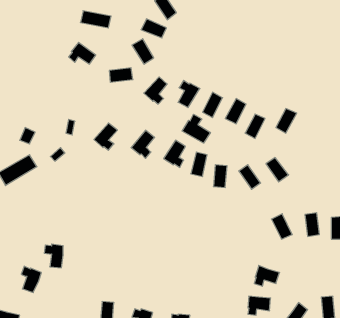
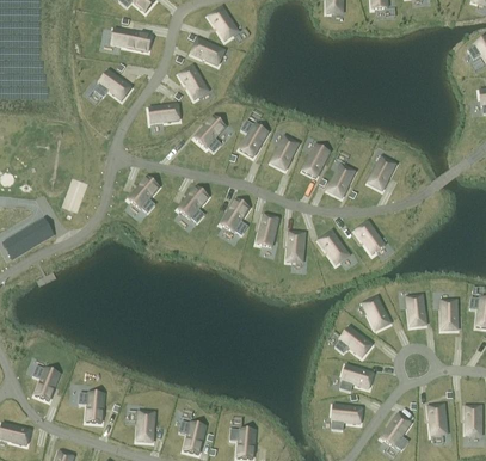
building: [182,114,210,143] -> none
building: none -> [336,326,373,357]
building: [44,244,63,268] -> [79,392,104,423]

